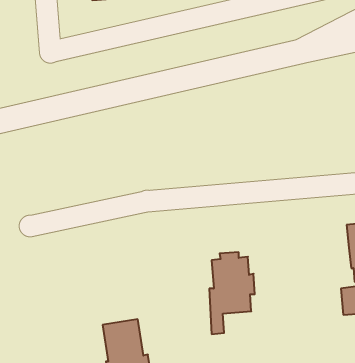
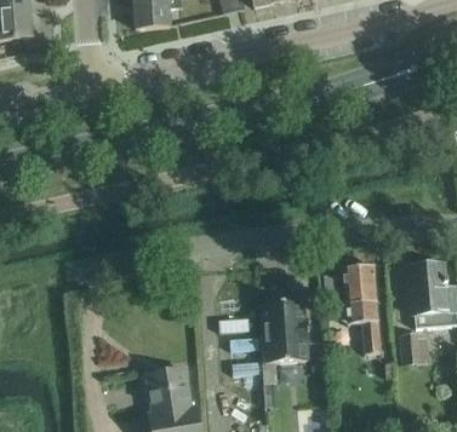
building: none -> [342,266,381,350]

